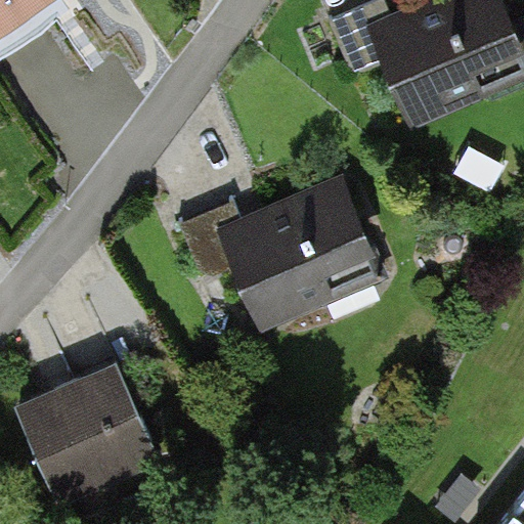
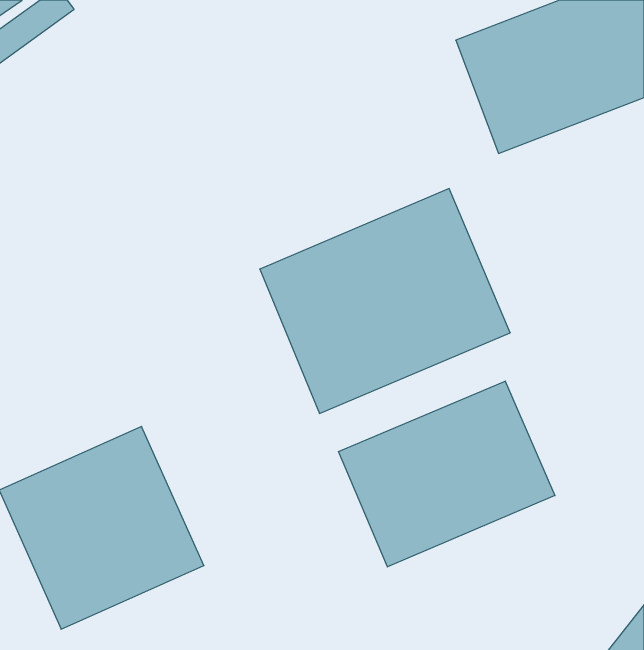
building: none -> [339,381,555,567]

